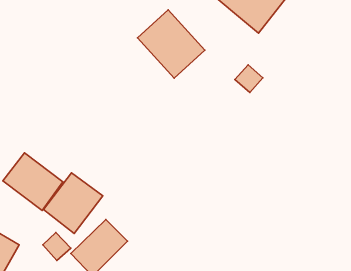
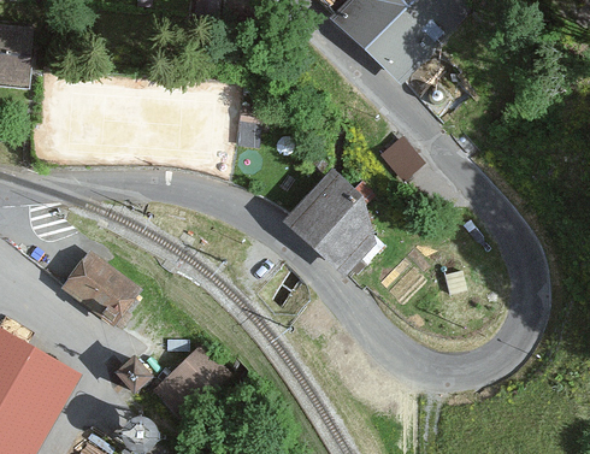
building: [138,10,205,78] -> [285,170,378,264]
building: [44,173,103,234] -> none

